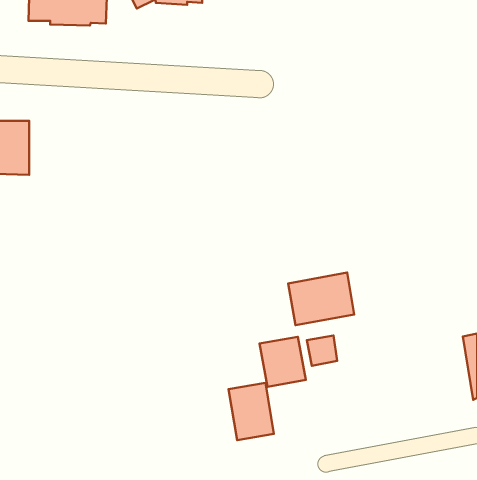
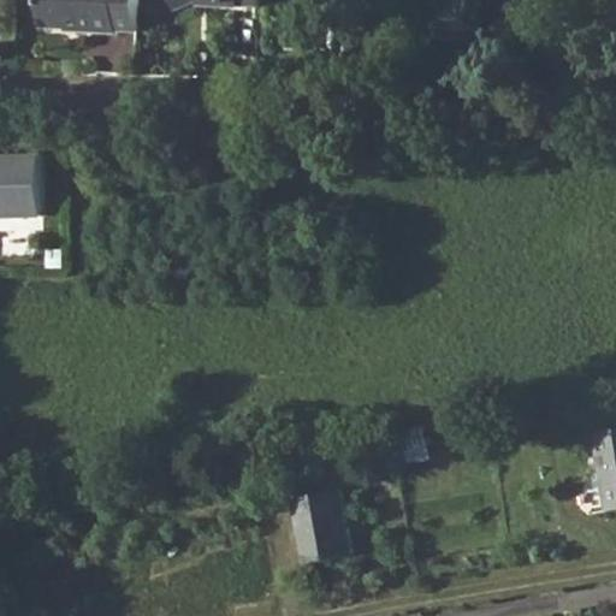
building: [288,273,354,325] -> none
building: [260,337,306,387] -> none

